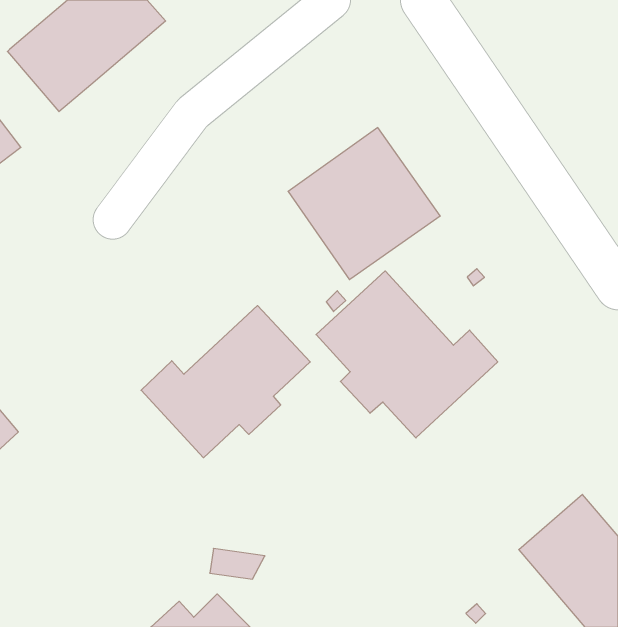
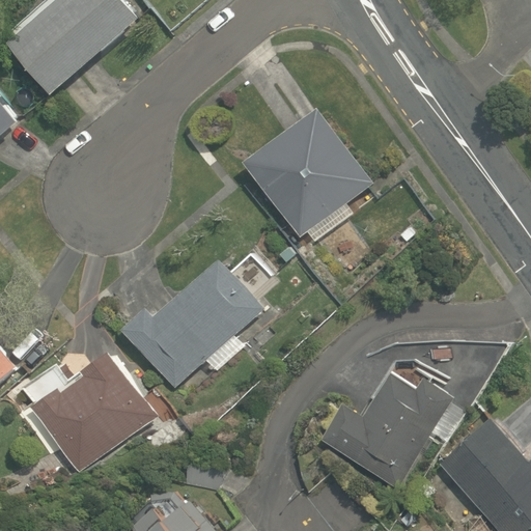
building: [316,271,498,438] -> none
building: none -> [21,350,155,474]
building: none -> [318,372,453,488]

